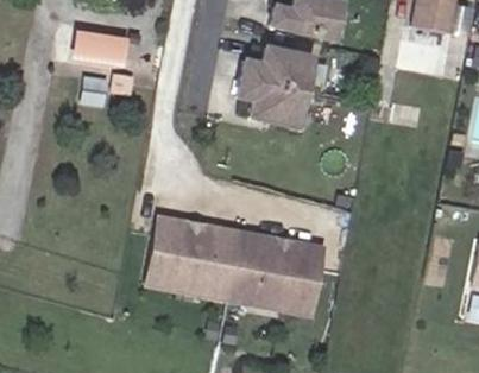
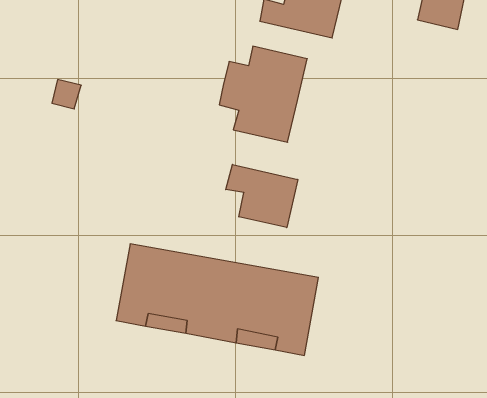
building: [83,29,141,61] -> none
building: none -> [226,164,298,228]

